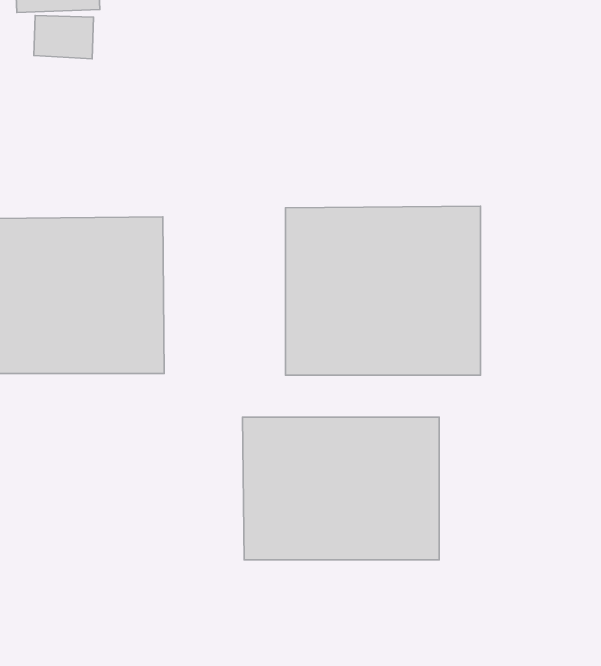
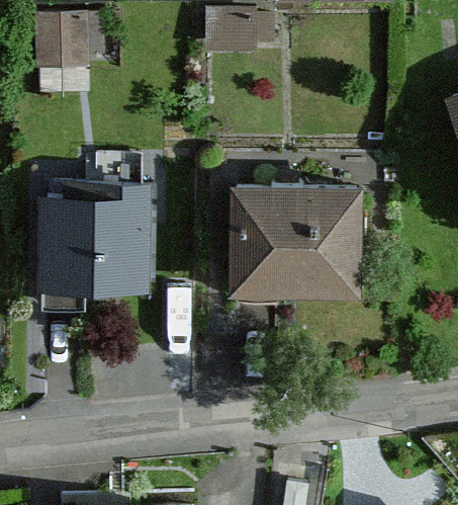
building: [242,417,439,560] -> none

